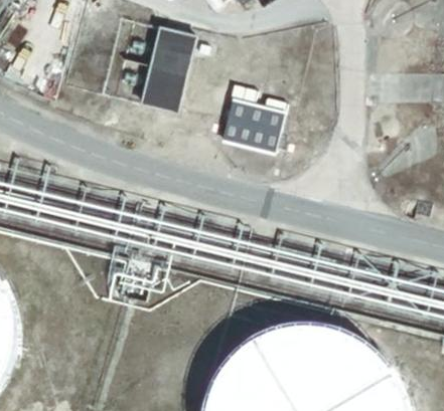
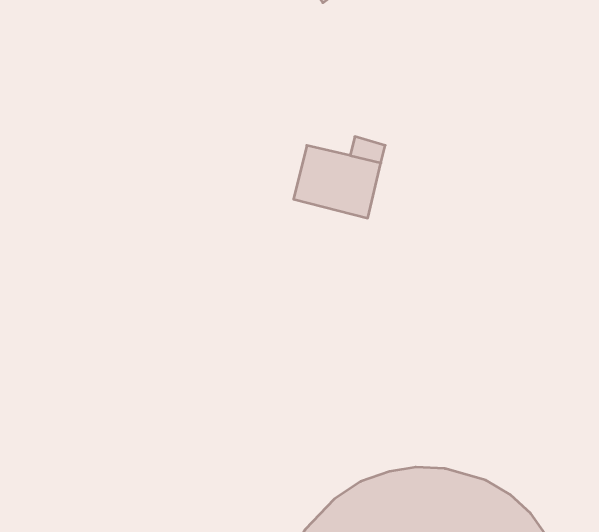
building: [138,29,194,116] -> none

